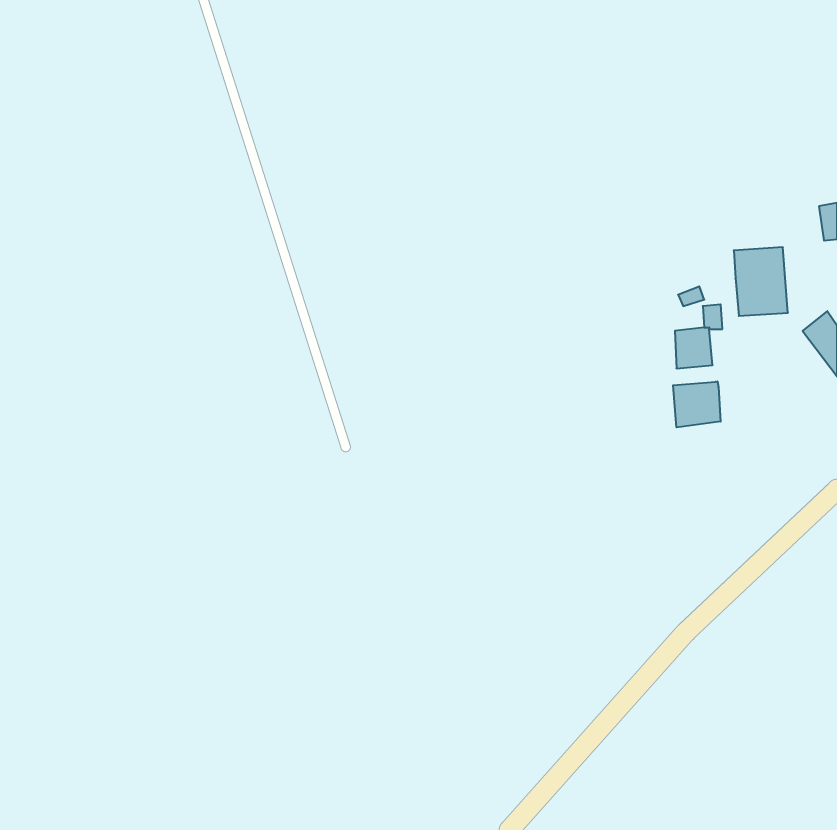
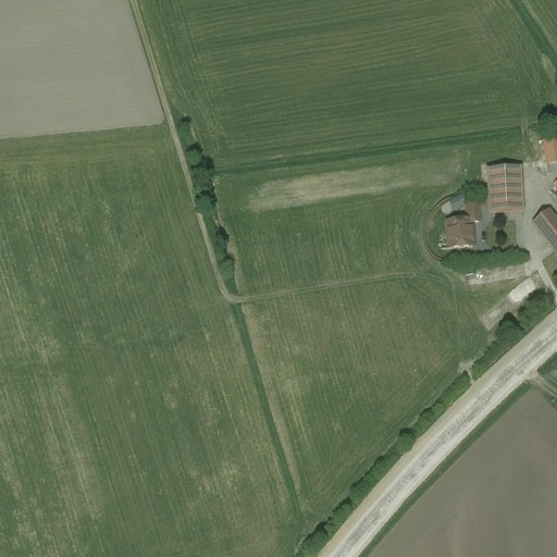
building: [673,381,721,427] -> none

